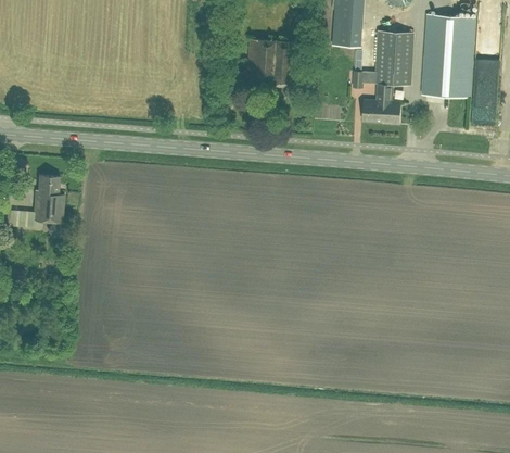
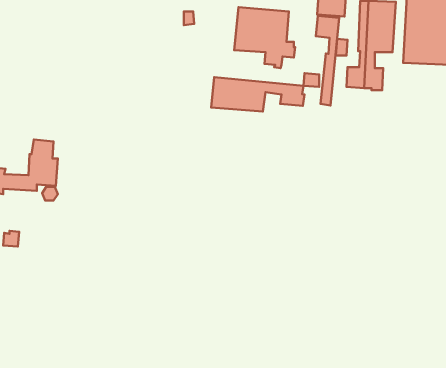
building: none -> [316,16,339,105]
building: none -> [211,77,304,112]

